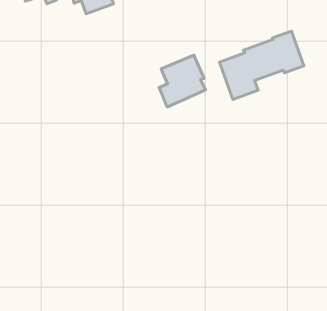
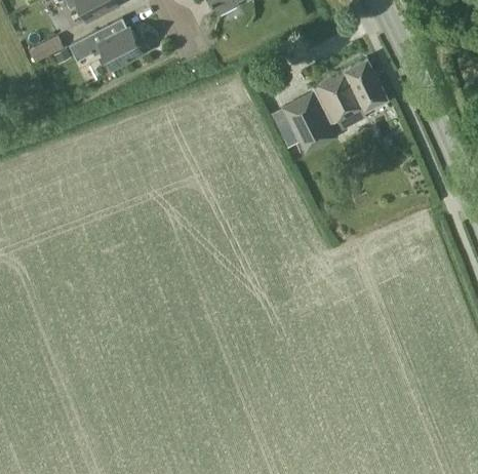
building: [159,55,206,107] -> none

